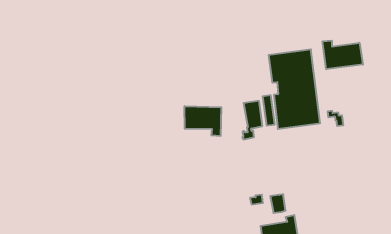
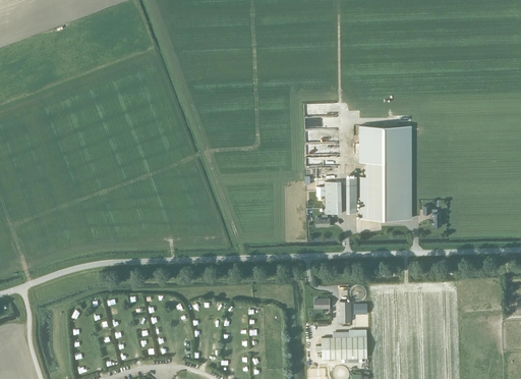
building: [323,41,363,69] -> none
building: [185,106,221,136] -> none

